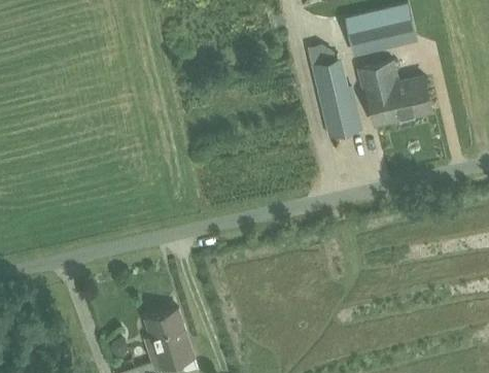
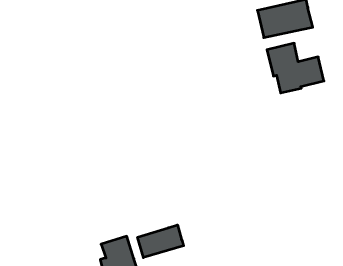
building: [307,45,361,137] -> none
building: none -> [138,225,184,258]

